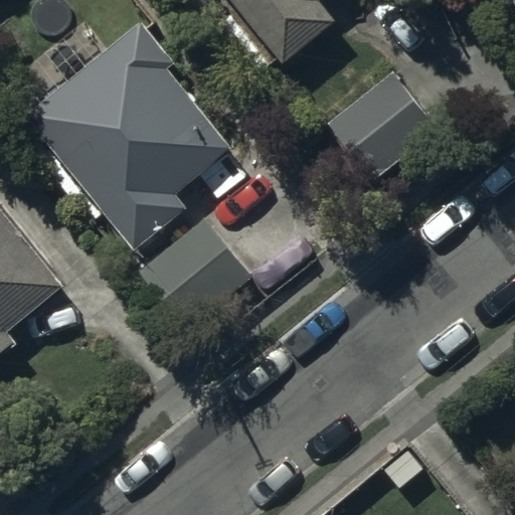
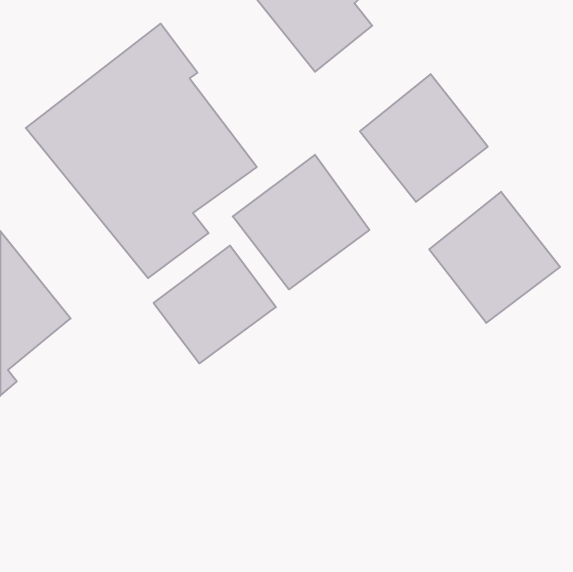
building: none -> [233,155,369,289]
building: none -> [429,192,560,323]

